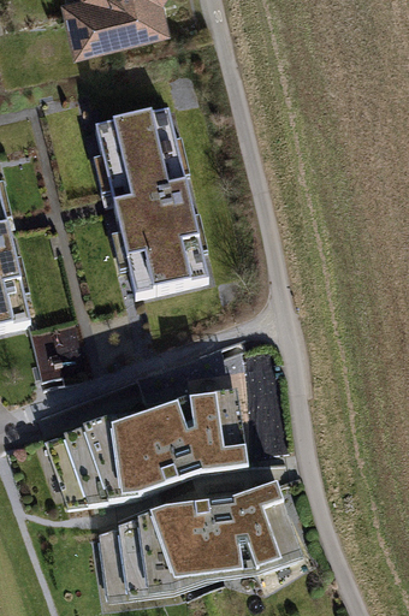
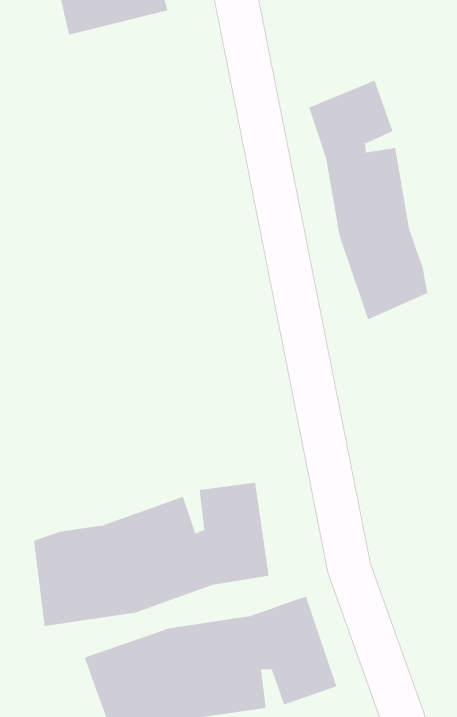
building: none -> [309,80,428,320]
building: [95,107,208,292] -> none

